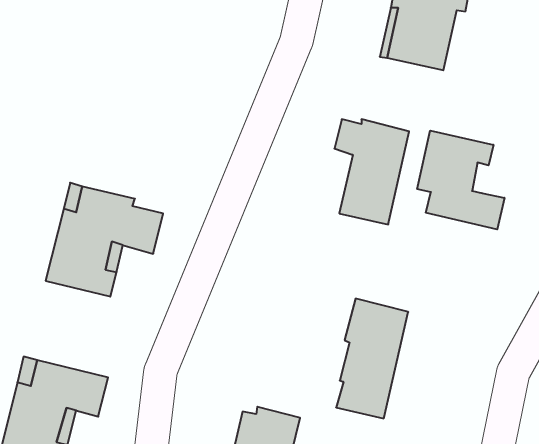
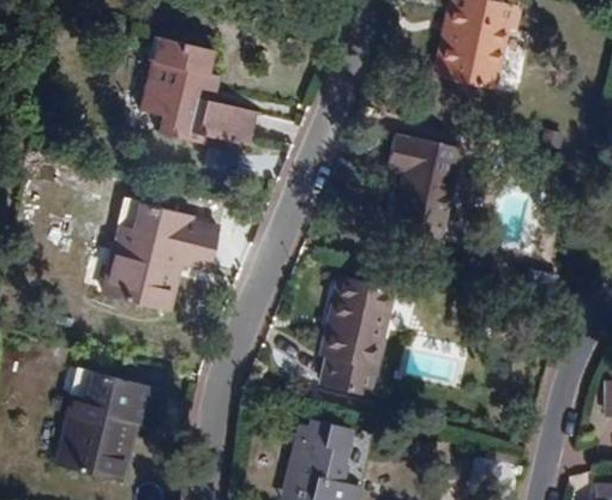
building: none -> [139,36,263,149]
building: [417,131,504,229] -> none
building: [336,299,408,418] -> [322,276,392,393]

